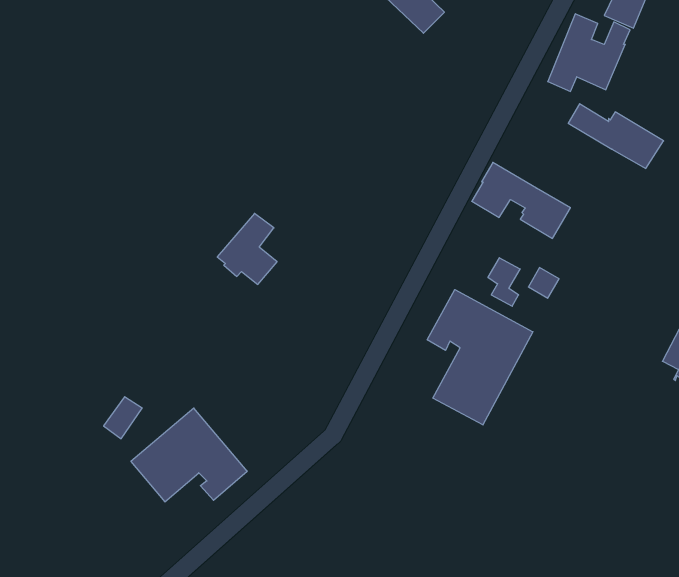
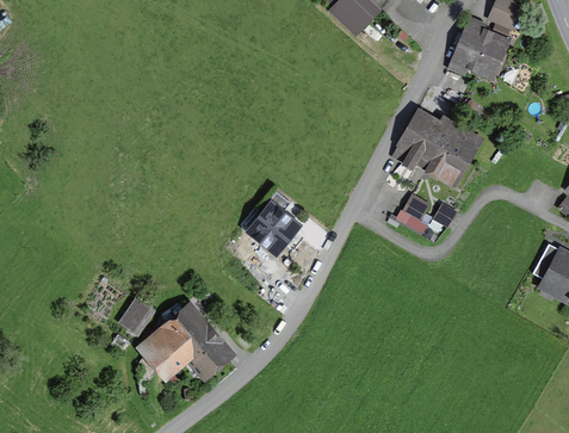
building: [568,104,664,168] -> [408,112,478,160]
building: [217,213,277,284] -> [248,192,292,245]
building: [427,290,533,425] -> none

